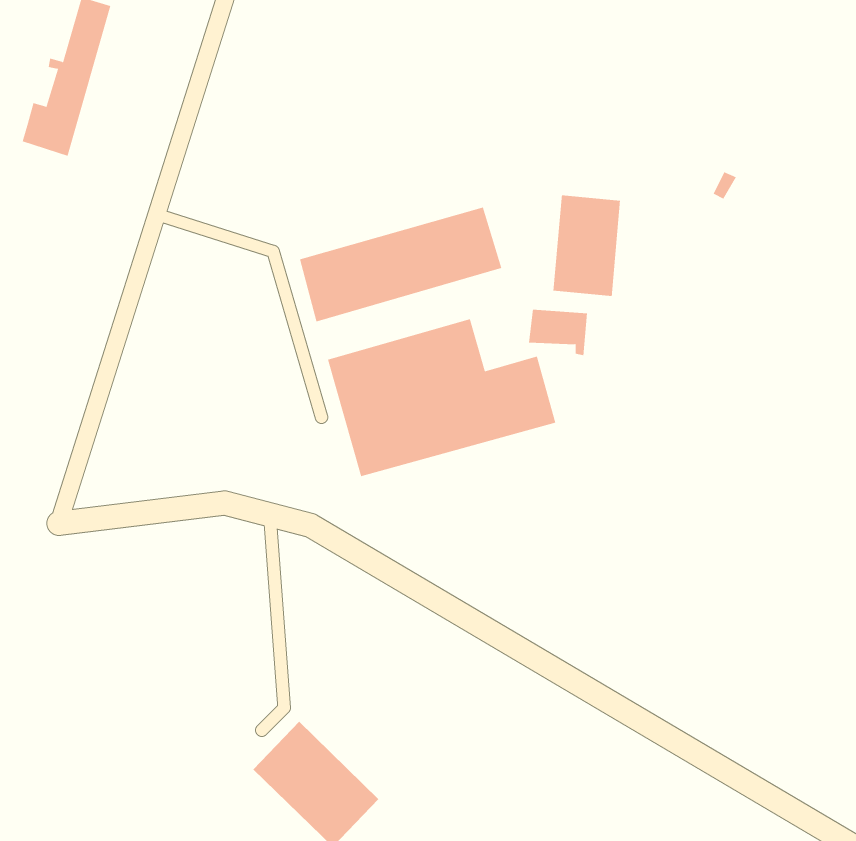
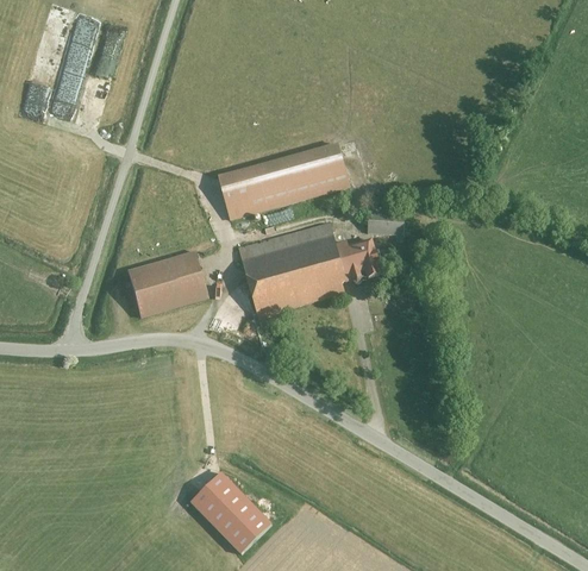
building: [553,194,620,297] -> none
building: none -> [129,251,211,316]

